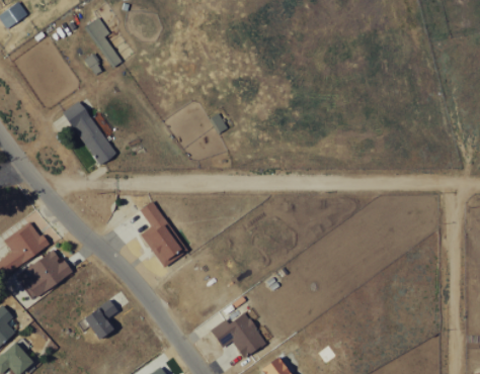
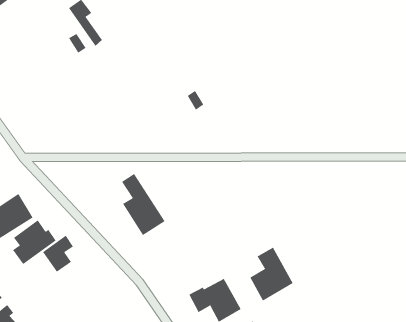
building: [63,100,115,166] -> none
building: none -> [250,247,294,301]
building: [84,299,117,339] -> [42,235,74,272]

